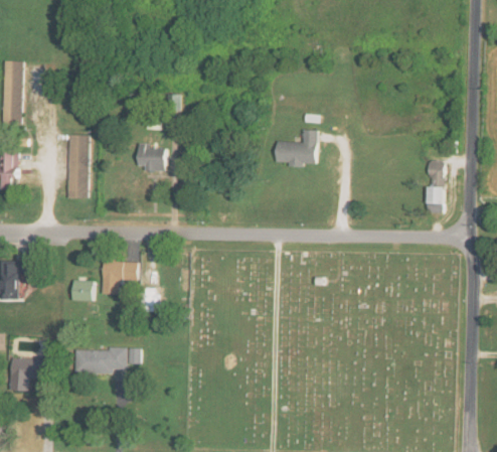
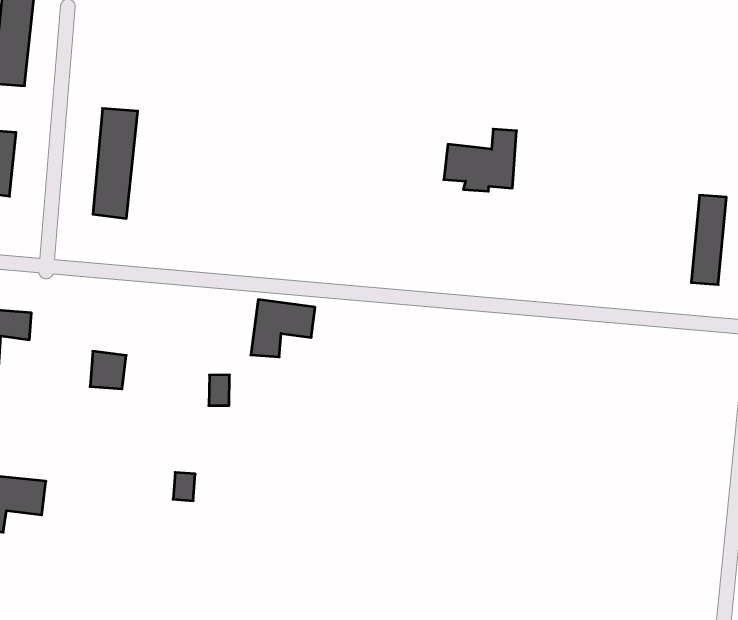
building: [138,143,166,170] -> none
building: [102,261,138,294] -> [251,300,315,357]
building: [74,348,126,373] -> none

